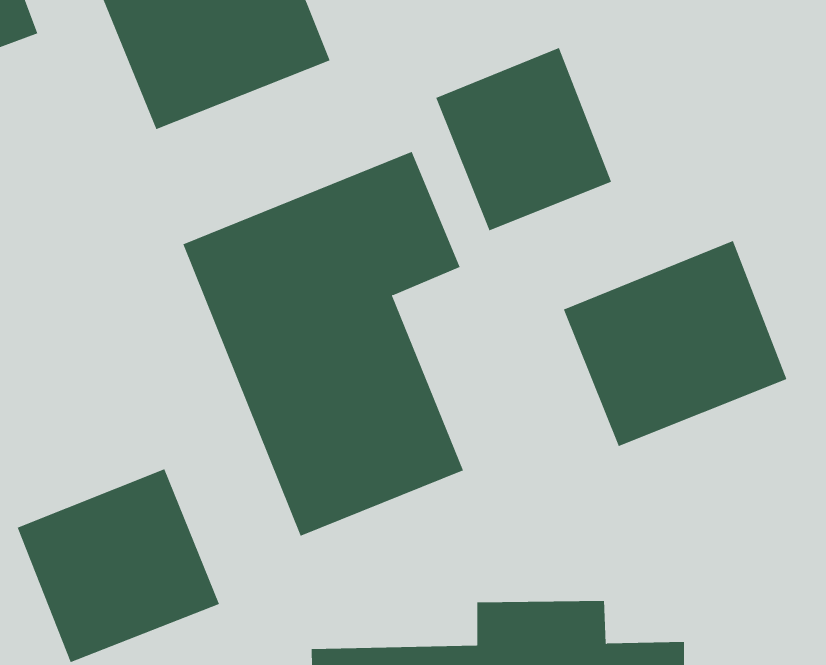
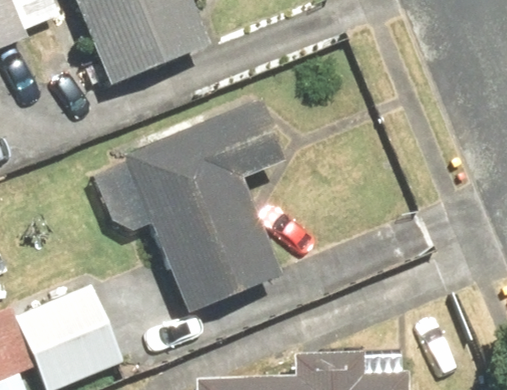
building: [435,47,612,231] -> none
building: [563,240,787,447] -> none

